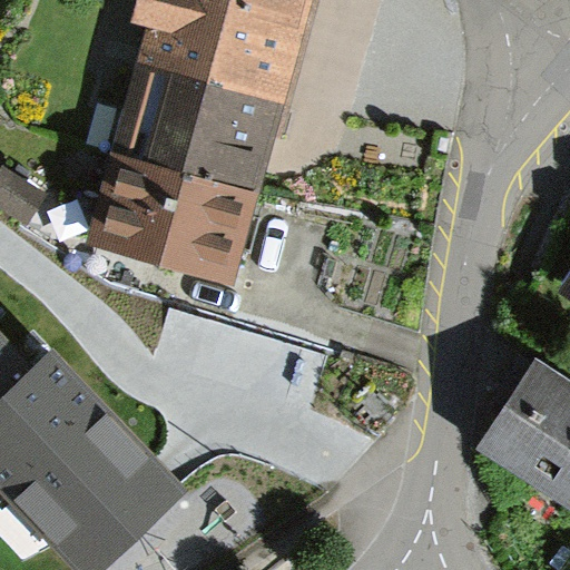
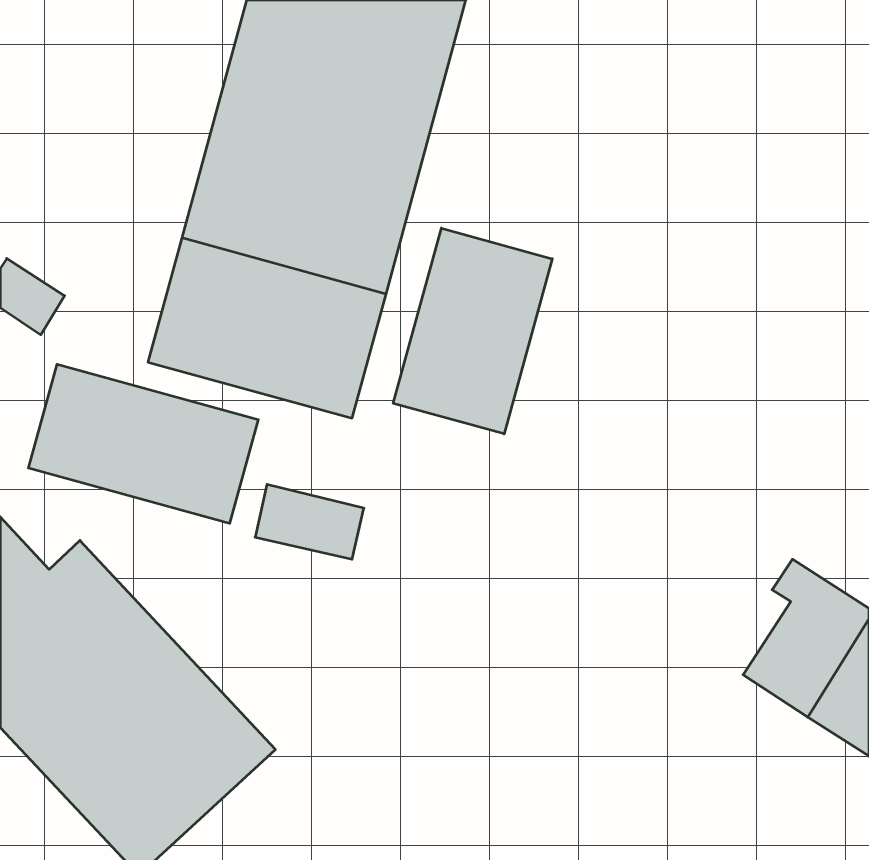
building: none -> [393,228,552,434]
building: none -> [28,364,258,523]

